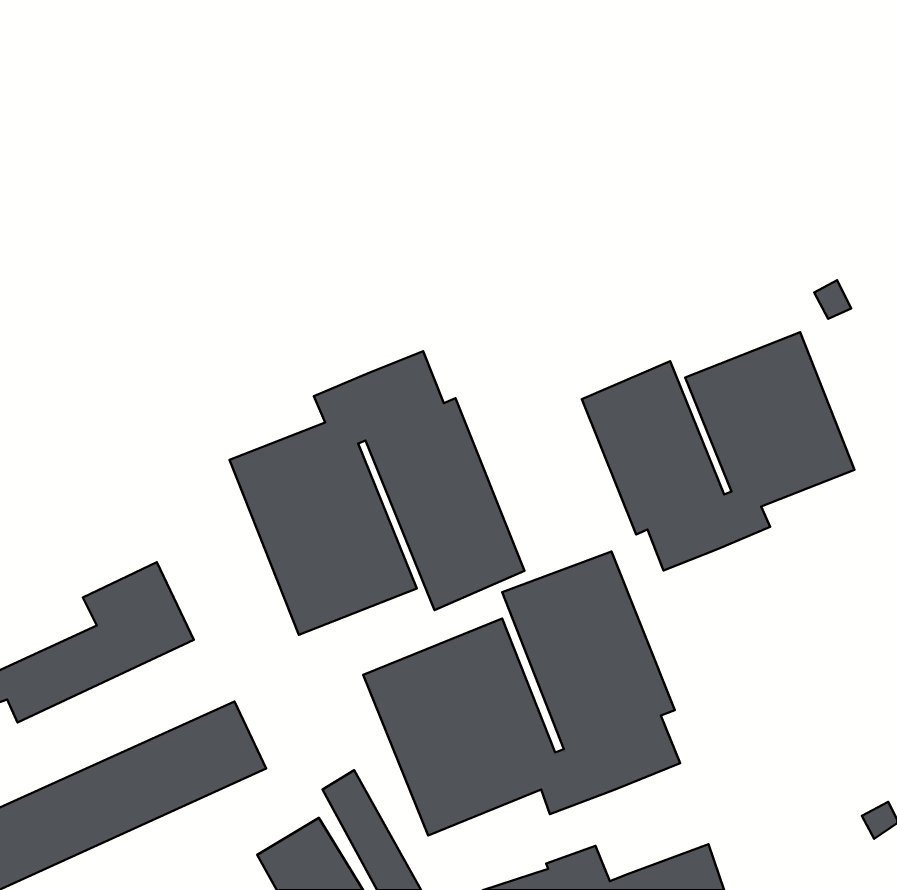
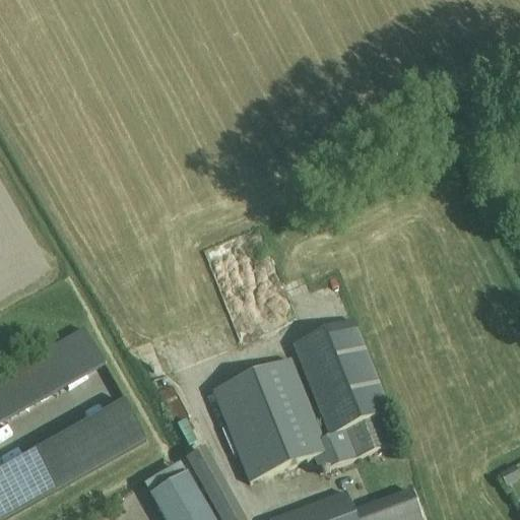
building: [582,332,854,570] -> none
building: [230,351,524,635] -> none

